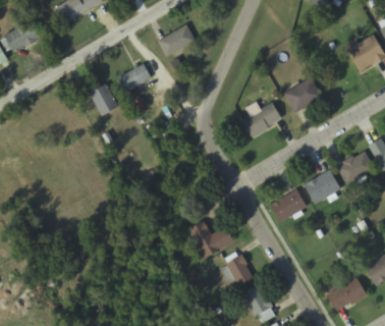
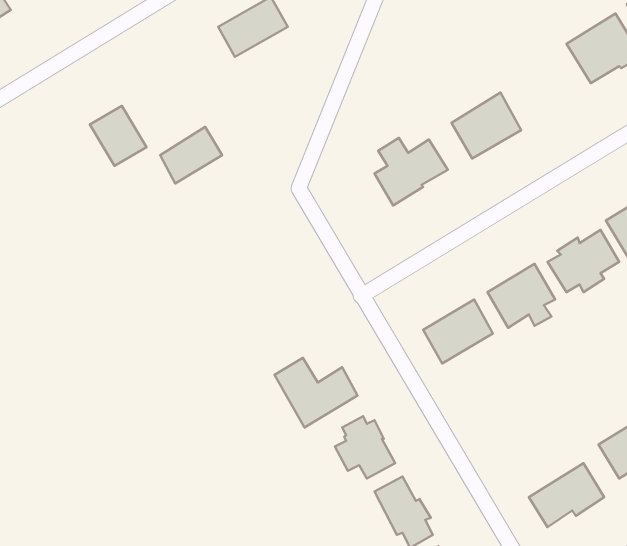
building: [118,62,152,93] -> [160,127,222,183]

